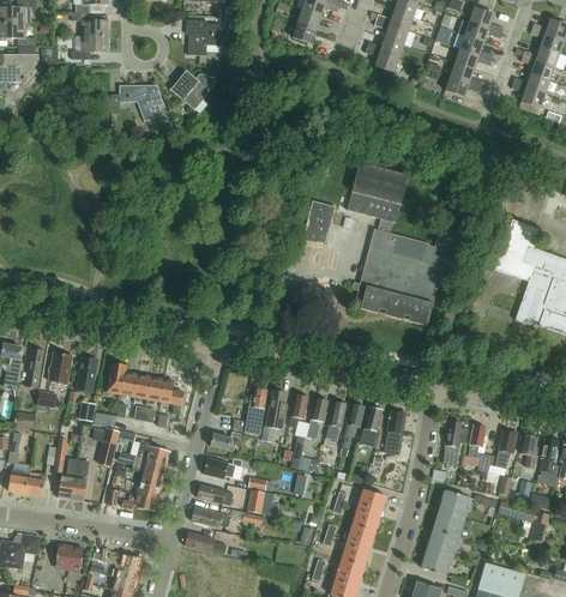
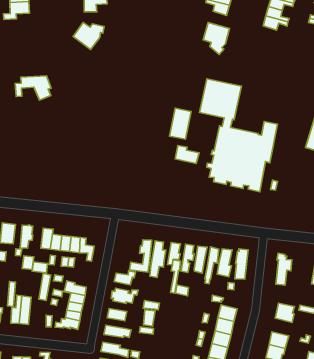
building: none -> [203,23,230,55]
building: [112,85,163,120] -> [15,76,51,100]
building: none -> [175,145,199,164]
building: [465,424,492,472] -> none
building: [433,511,463,537] -> none

